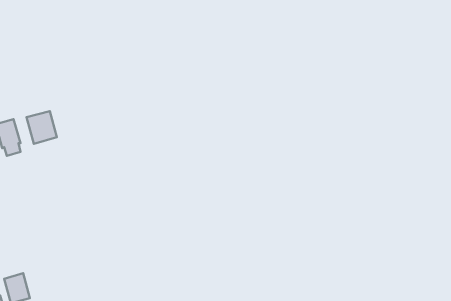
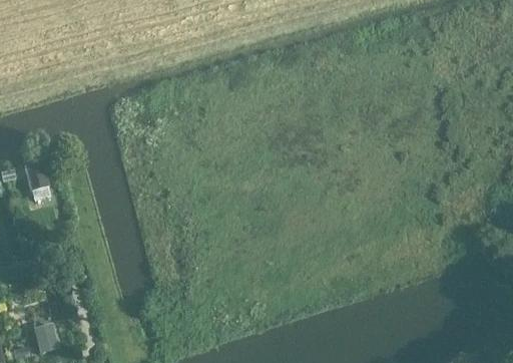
building: [26,111,57,144] -> none

